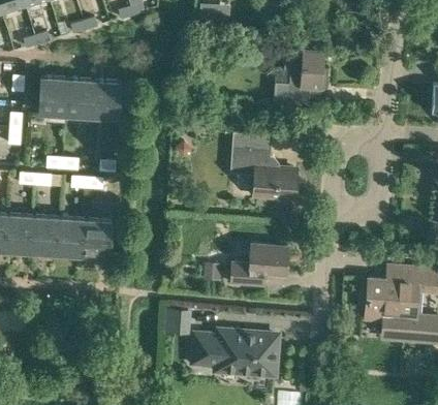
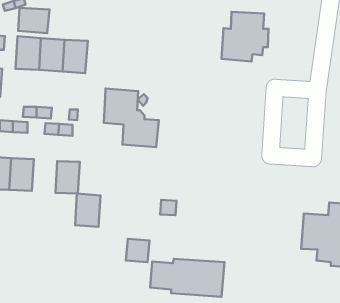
building: none -> [18,8,49,33]
building: [231,132,294,199] -> [104,88,159,147]
building: [57,217,86,255] -> [75,194,100,227]
building: [230,243,288,285] -> none

